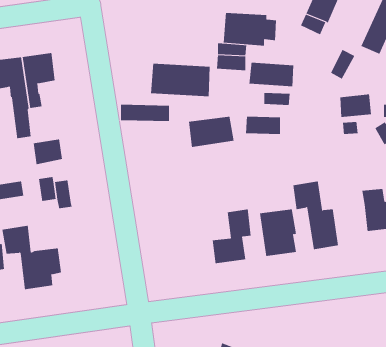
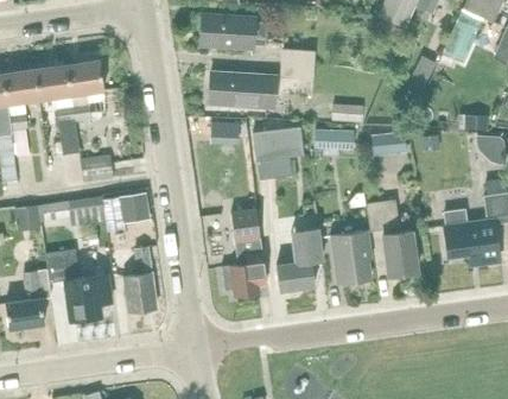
building: [223,13,277,46] -> [201,13,260,50]
building: [249,62,294,87] -> none
building: [340,94,372,118] -> [370,131,406,157]
building: none -> [119,195,150,224]
building: none -> [220,209,265,297]
building: none -> [125,246,157,311]

